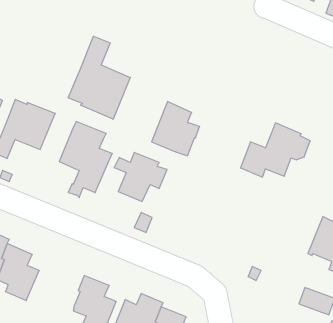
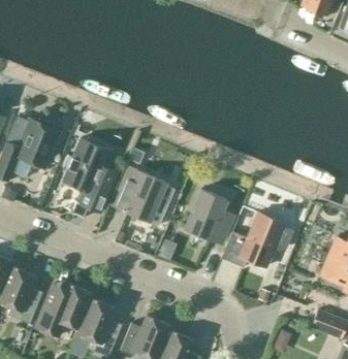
building: [68,36,130,119] -> none
building: [152,102,200,156] -> [185,188,234,243]
building: [240,123,310,177] -> [221,211,293,267]
building: none -> [36,283,91,337]

